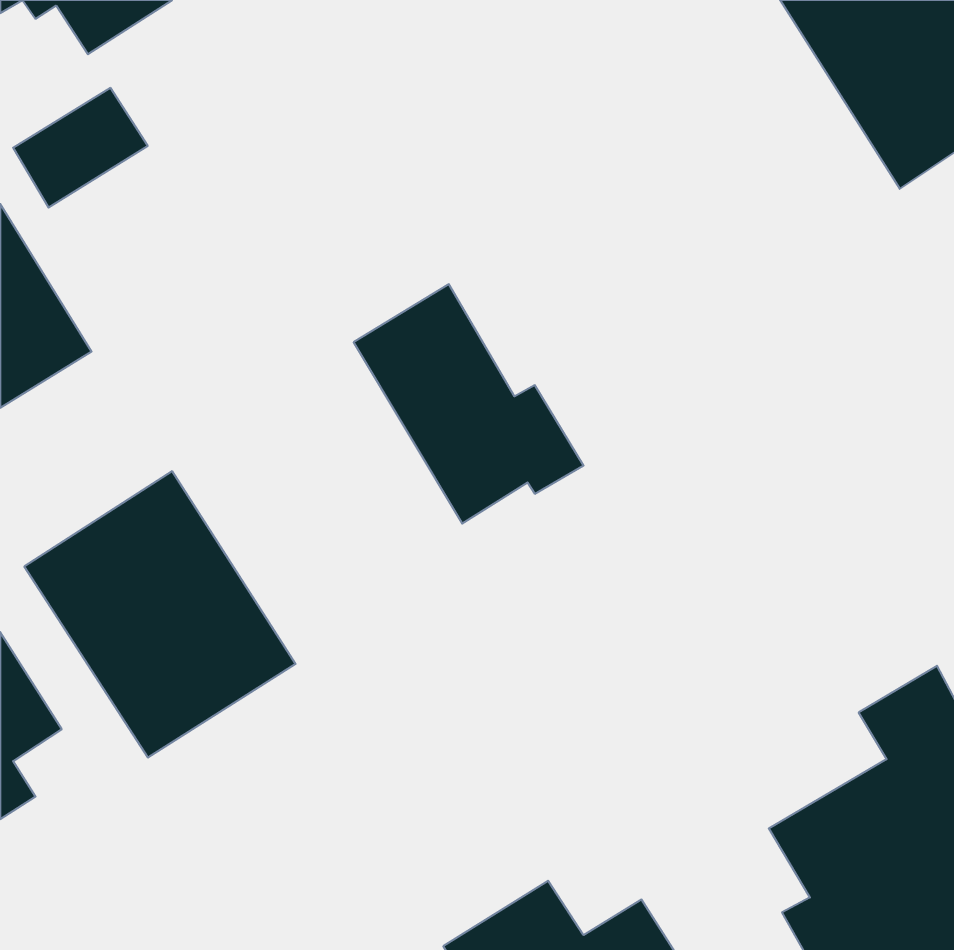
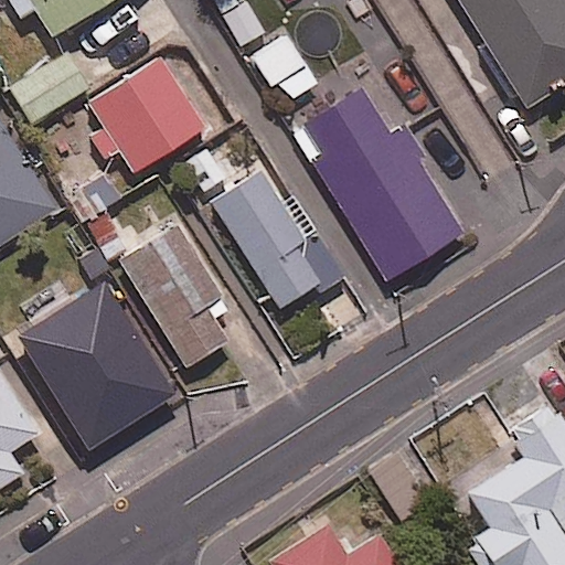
building: none -> [92,61,203,171]
building: none -> [302,86,463,280]
building: none -> [119,224,230,367]

